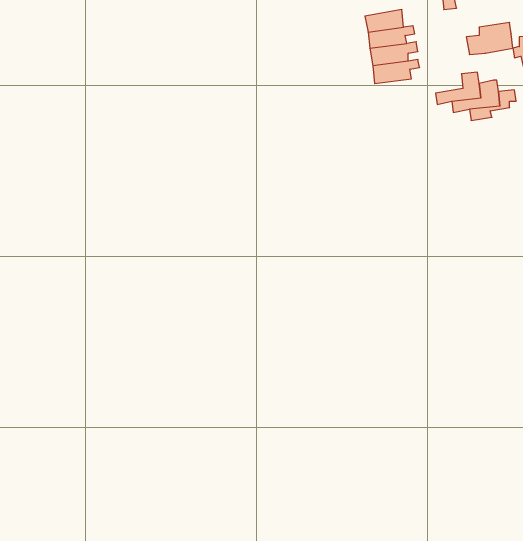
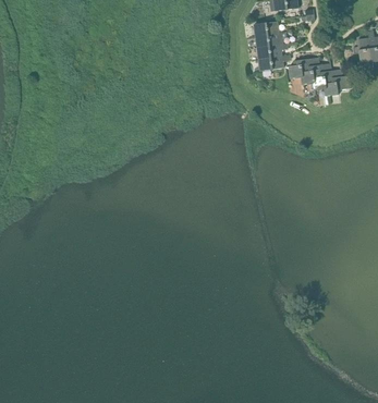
building: [466,22,513,55] -> [286,57,318,78]

